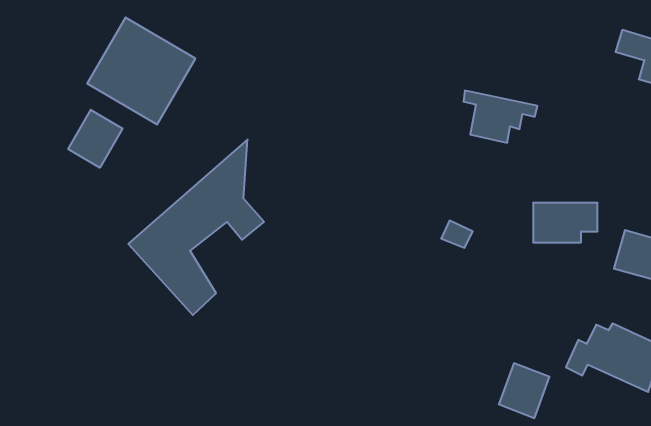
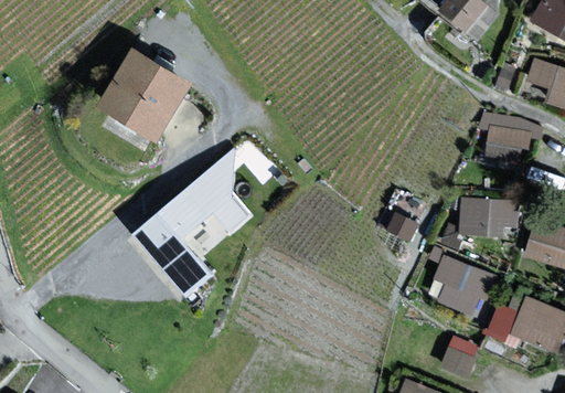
building: [463,91,537,143] -> [481,118,541,160]
building: [68,110,122,168] -> none
building: none -> [434,257,492,312]

